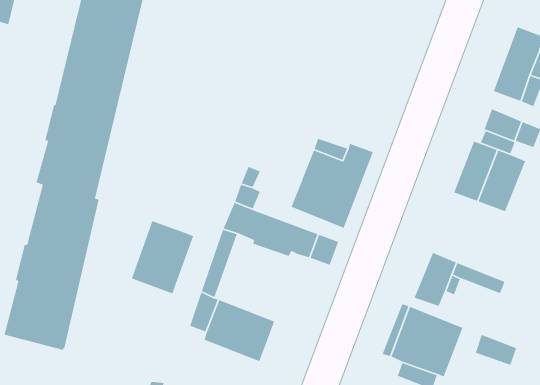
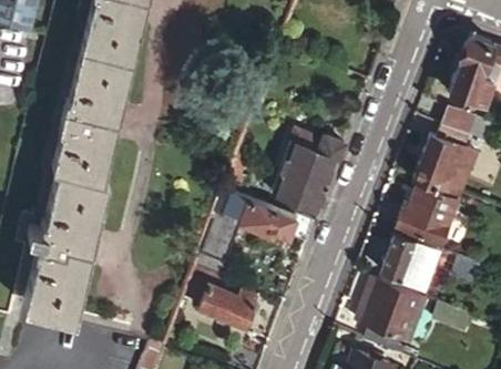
building: none -> [396,185,459,246]
building: [131,220,194,295] -> none

